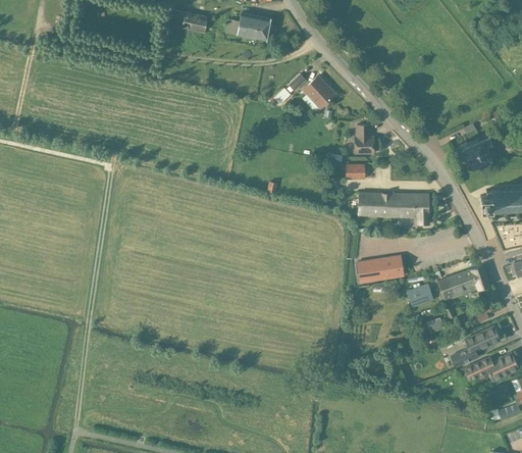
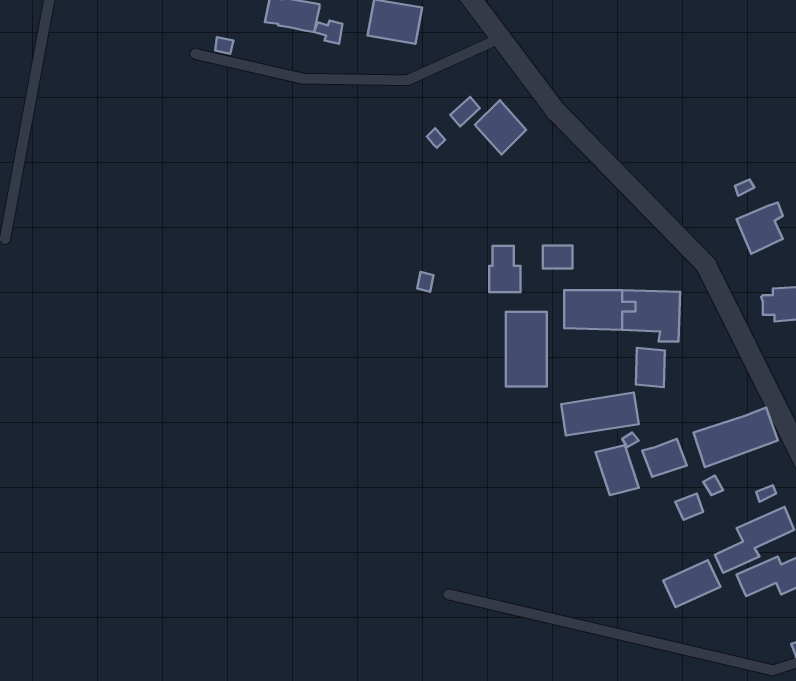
building: [355,125,374,154] -> [489,246,520,292]
building: none -> [506,312,547,386]
building: none -> [636,348,665,387]
building: none -> [596,445,639,495]
building: none -> [663,560,720,607]

